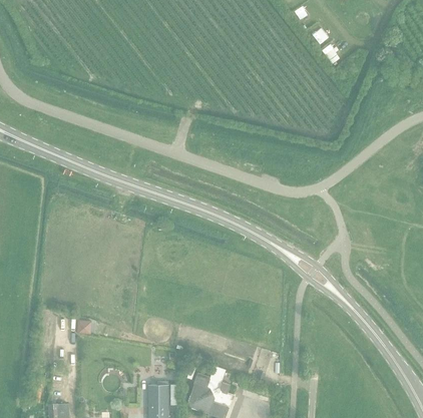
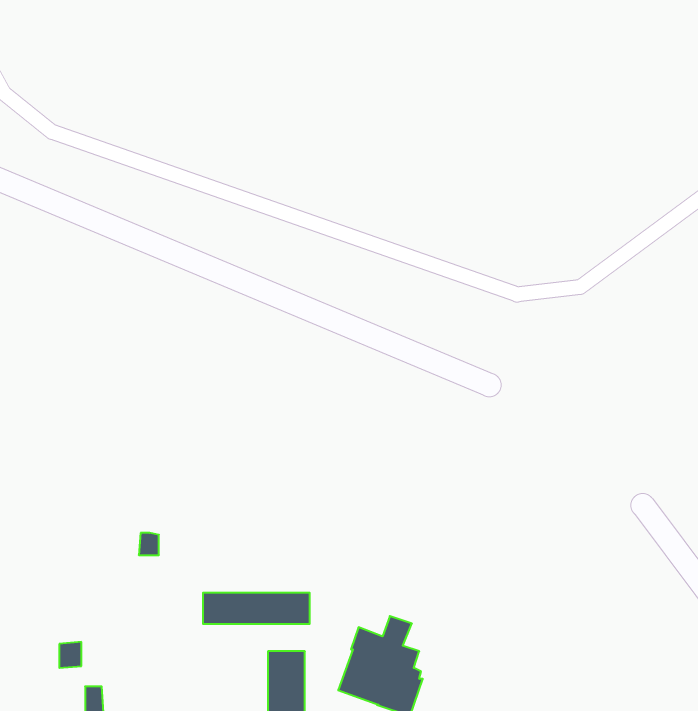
building: none -> [203,593,310,624]

